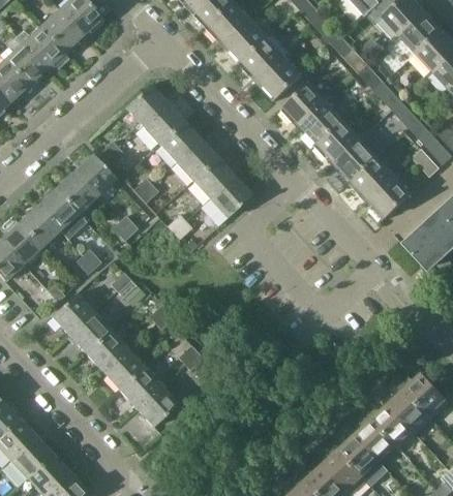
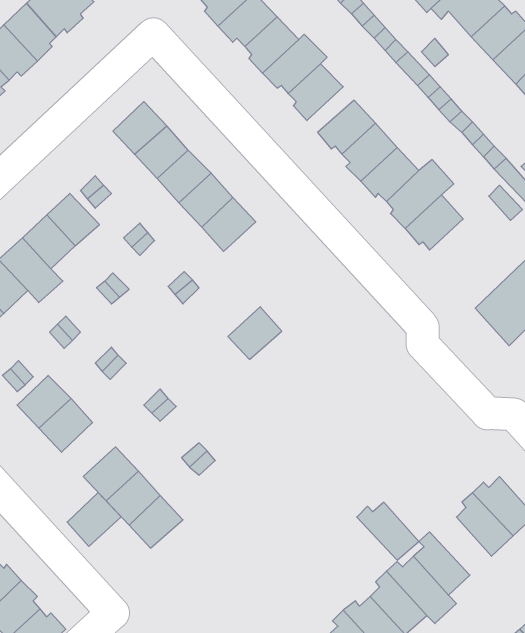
building: [367,175,411,219] -> none
building: [209,177,250,217] -> [228,307,282,359]
building: [85,331,126,372] -> [67,492,121,546]
building: [367,403,415,447] -> [357,502,419,560]

